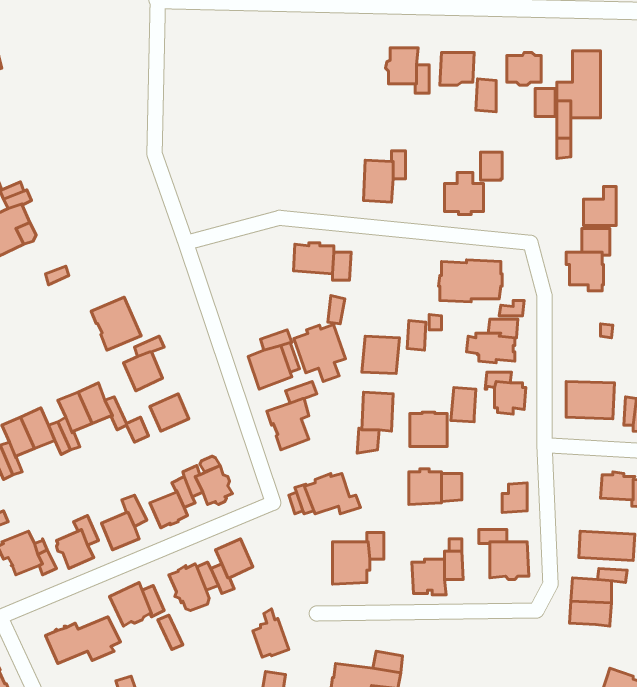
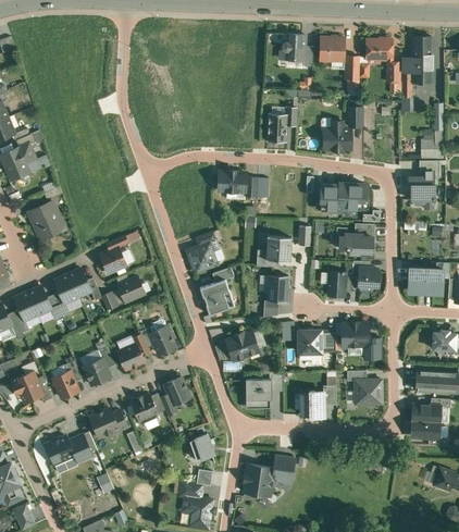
building: [91,297,141,350] -> [29,201,64,238]
building: [294,325,345,382] -> none
building: [410,412,447,446] -> [342,322,368,346]

